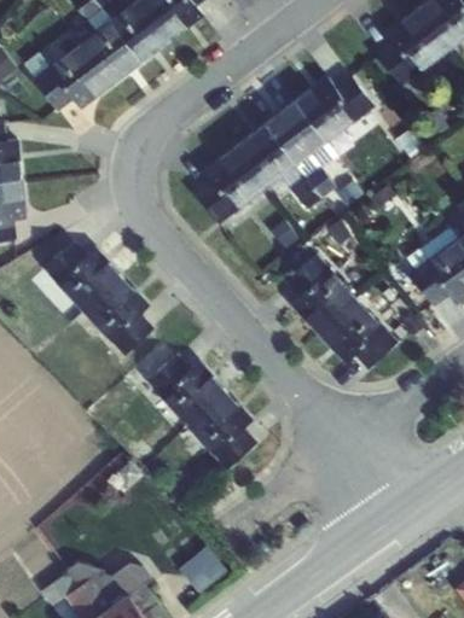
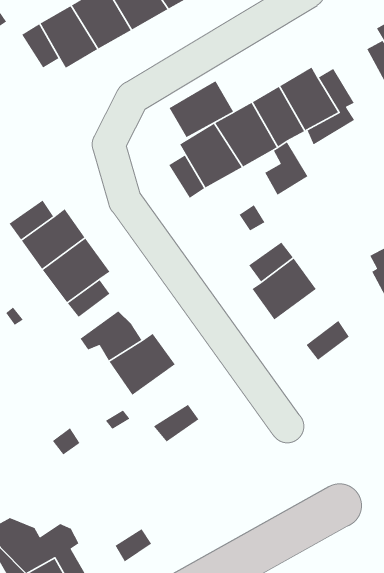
building: none -> [168,80,234,138]
building: [319,297,383,362] -> none
building: [186,389,251,453] -> none

